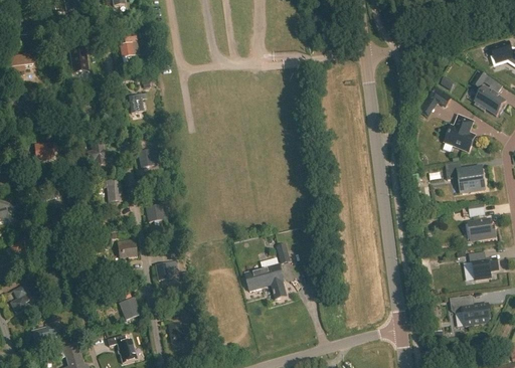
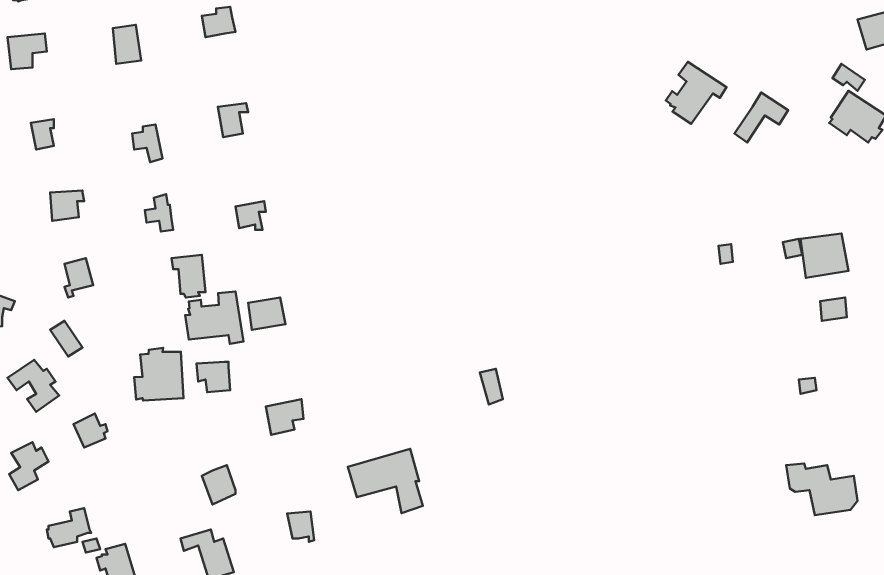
building: none -> [666,62,727,124]
building: [445,115,476,152] -> none
building: none -> [185,291,243,344]
building: [470,219,495,240] -> none
building: none -> [134,348,184,401]
building: [469,251,498,280] -> none
building: [244,263,287,300] -> [348,449,423,513]

